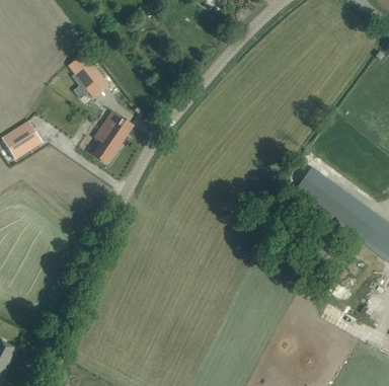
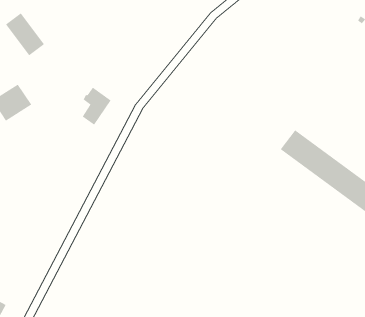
building: [68,53,108,97] -> [5,13,45,56]
building: [104,111,133,138] -> none

